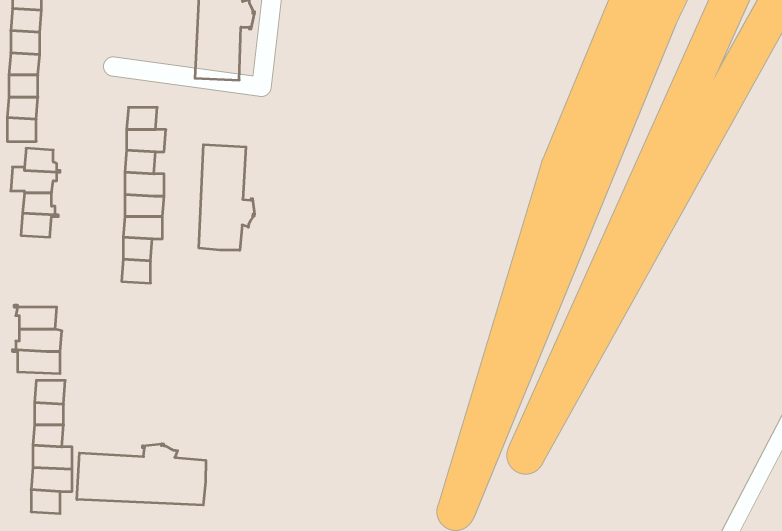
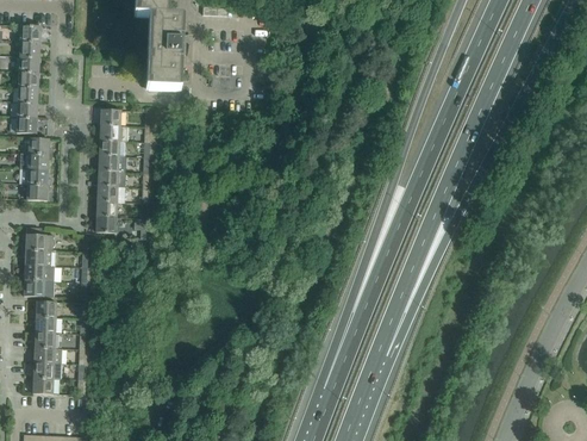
building: [199,145,255,250] -> none
building: none -> [24,225,55,248]
building: [77,444,206,505] -> none

